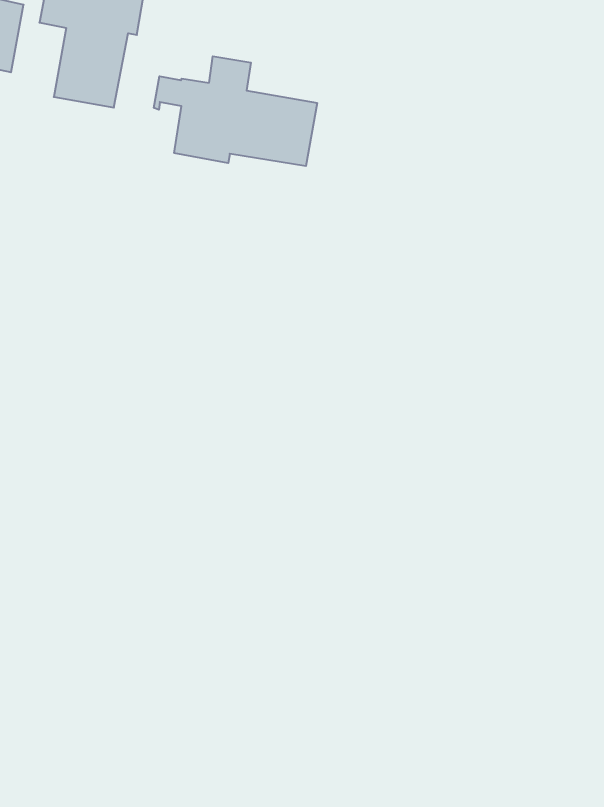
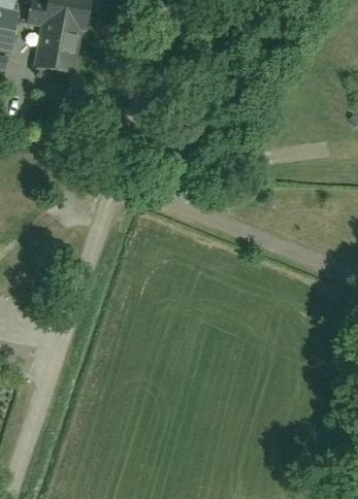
building: [154,56,317,166] -> none

